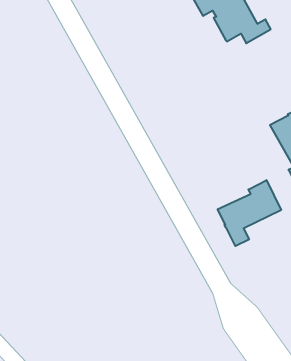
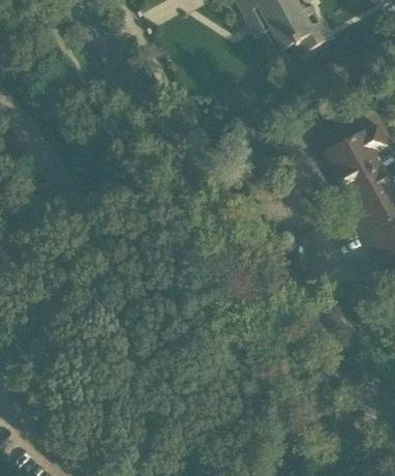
building: [218,180,281,246] -> none

